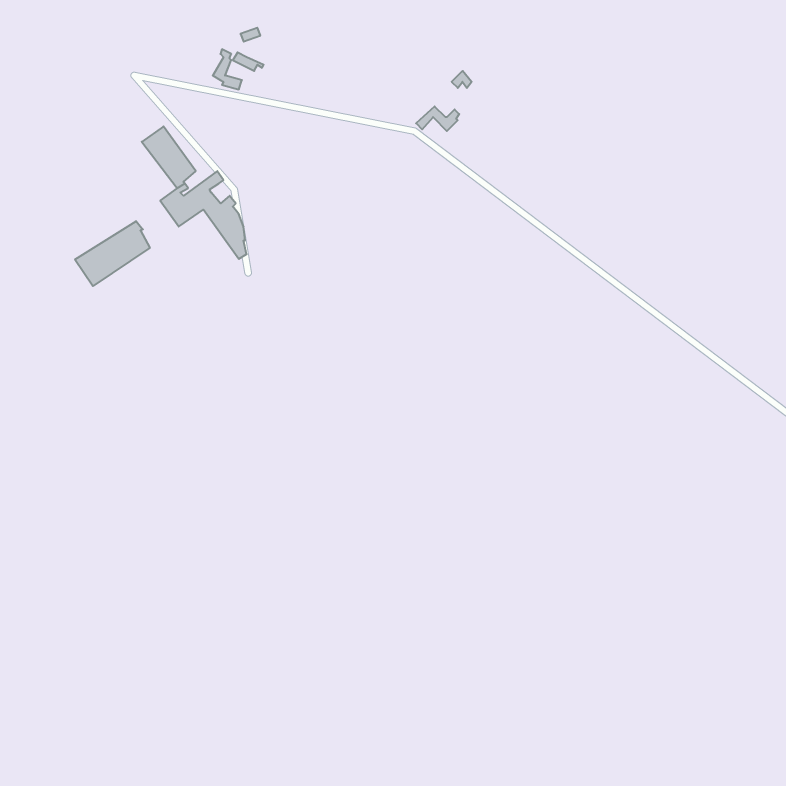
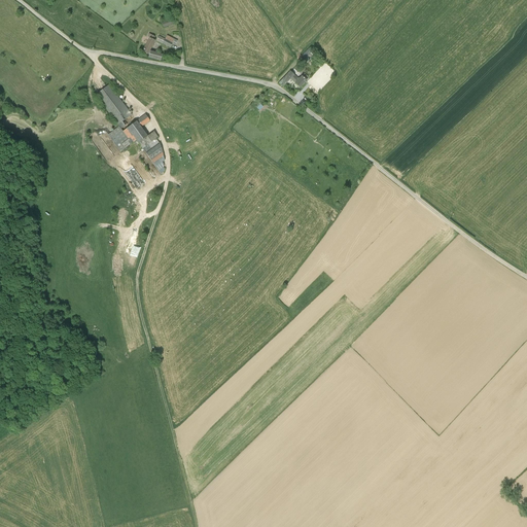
building: [75,221,150,286] -> none

